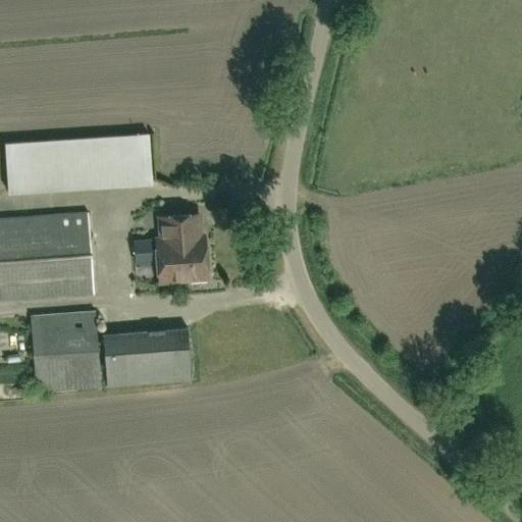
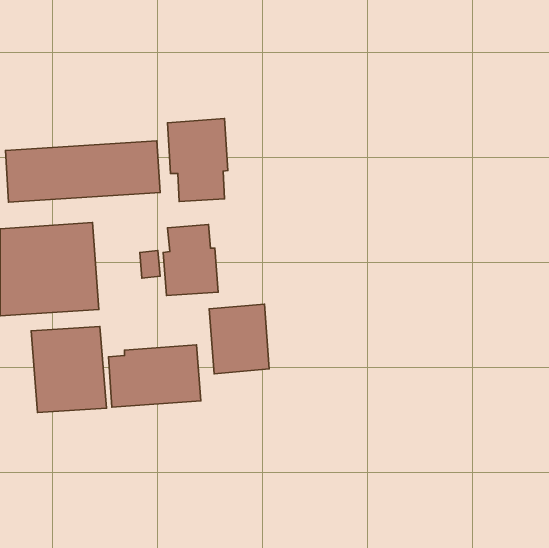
building: none -> [167,119,228,202]
building: none -> [209,304,269,374]

